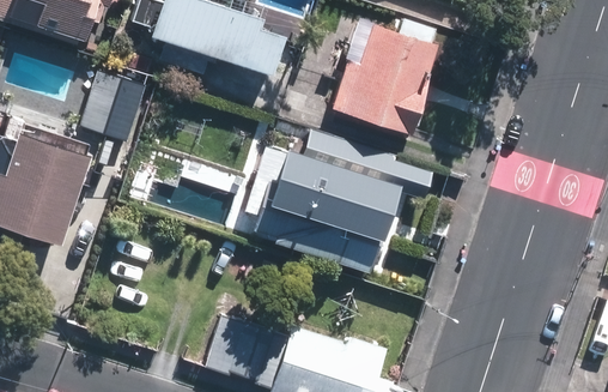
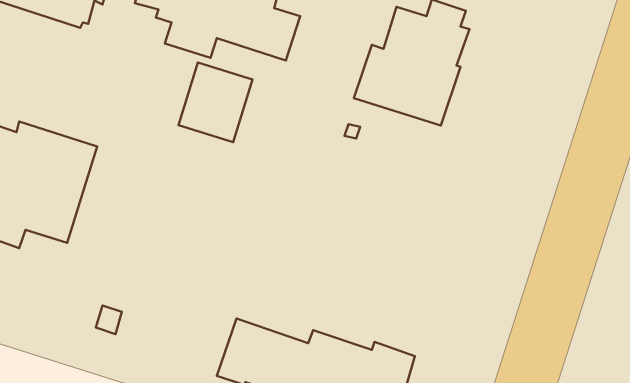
building: [81,67,150,140] -> [178,63,253,142]
building: [251,149,390,275] -> none

